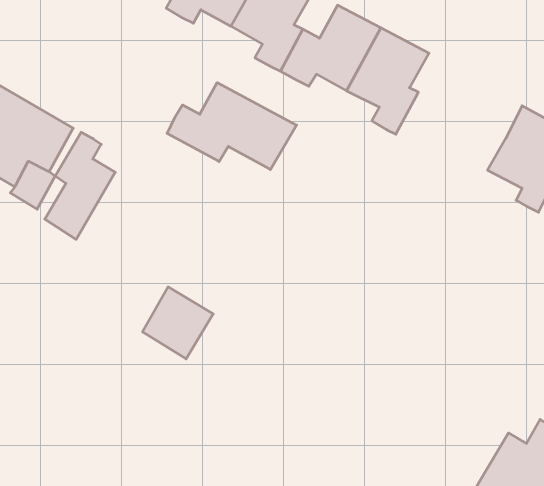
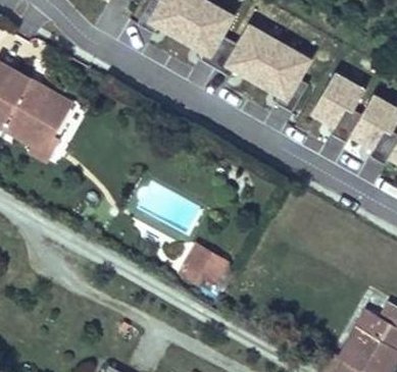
building: none -> [313,71,367,144]
building: [167,83,297,170] -> none
building: [45,132,115,239] -> none
building: [143,287,213,359] -> [178,246,226,295]

